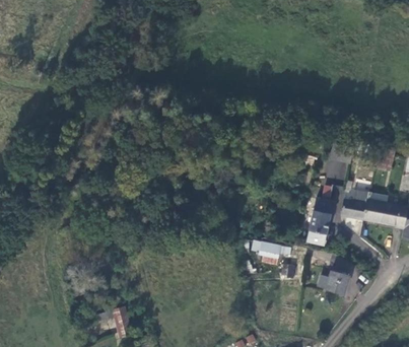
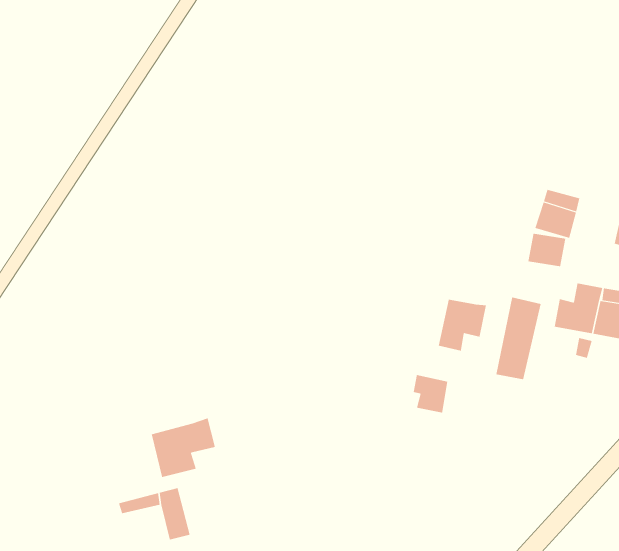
building: none -> [438,299,487,351]
building: none -> [151,418,216,478]
building: [318,268,349,293] -> none

